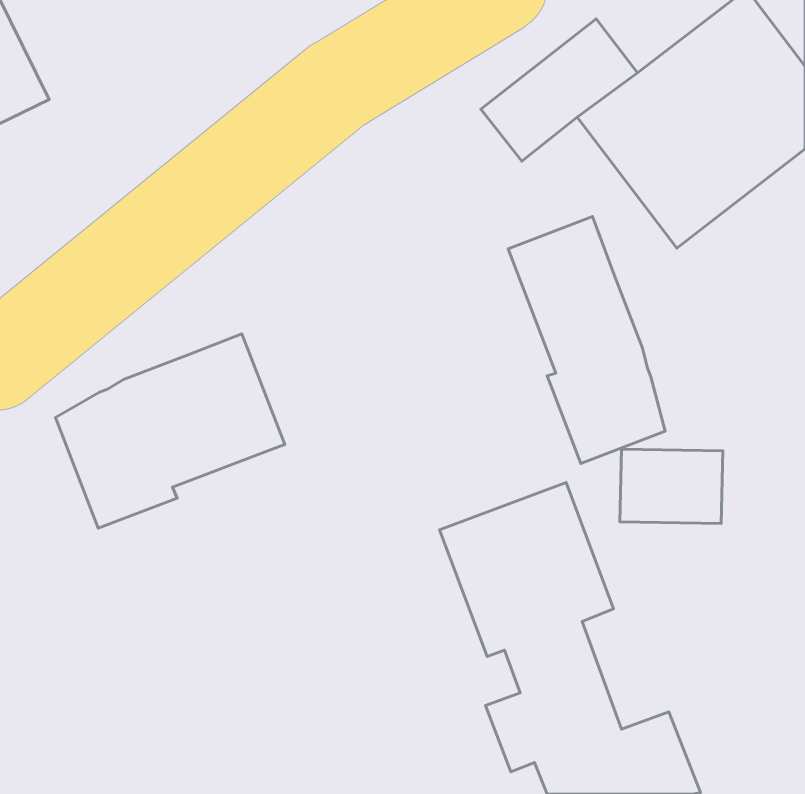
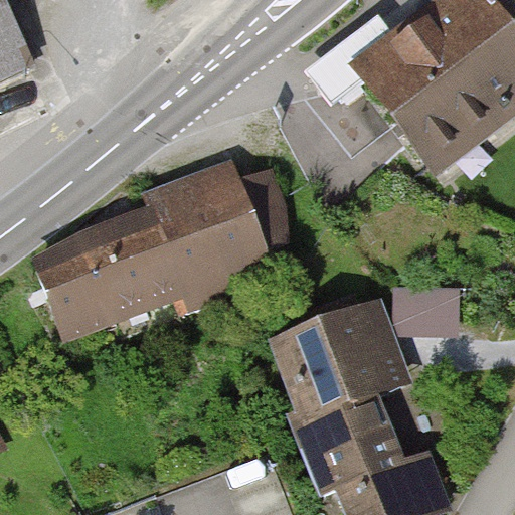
building: [508,217,665,463] -> none
building: none -> [154,169,284,310]

